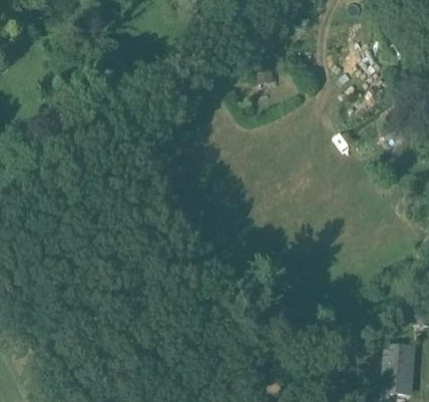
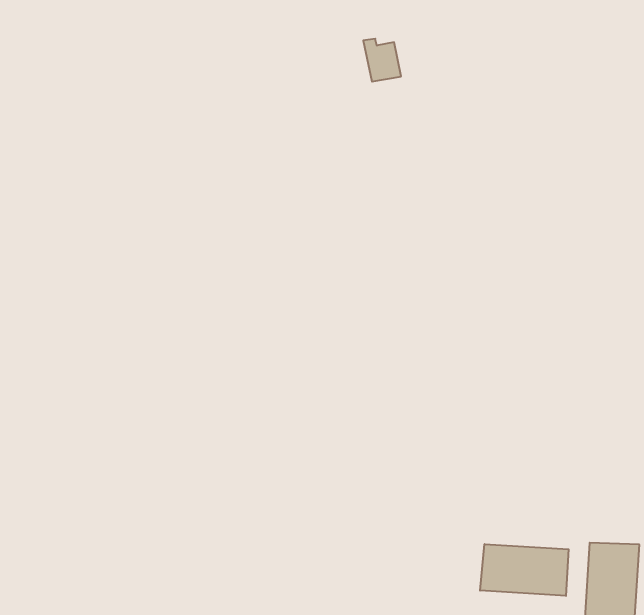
building: none -> [480,544,569,596]

